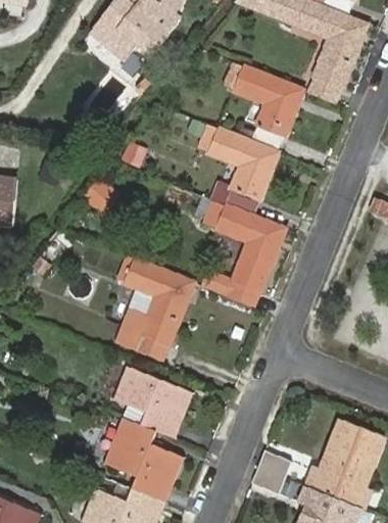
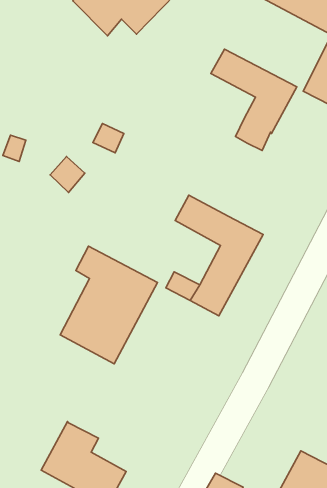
building: [199,124,278,215] -> none
building: [114,367,192,438] -> none

